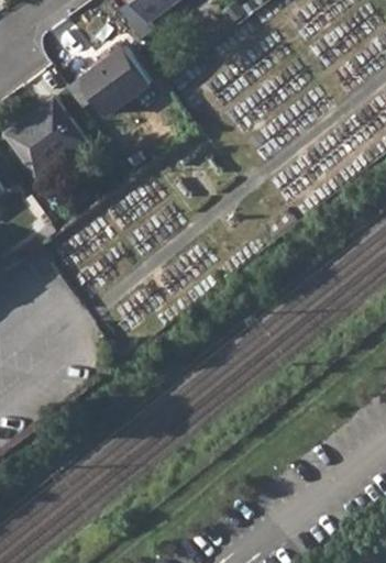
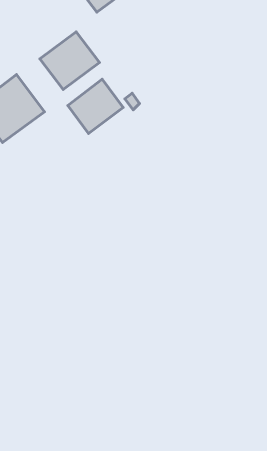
building: none -> [68,79,123,134]

